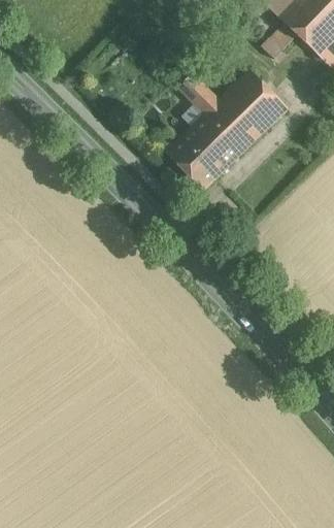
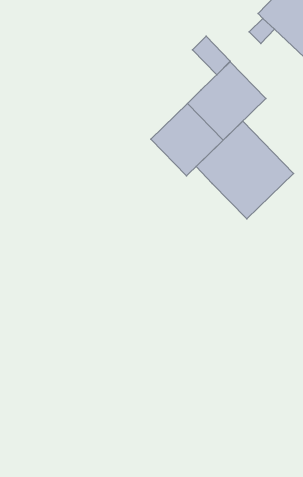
building: [178,72,219,113] -> [193,36,230,75]
building: none -> [196,121,293,219]

